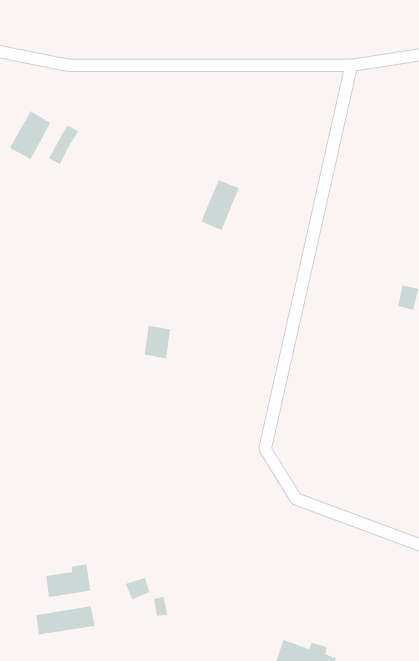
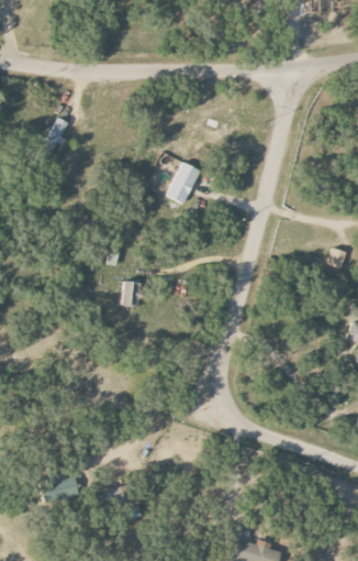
building: [9,110,51,160] -> none
building: [36,605,95,635] -> none

